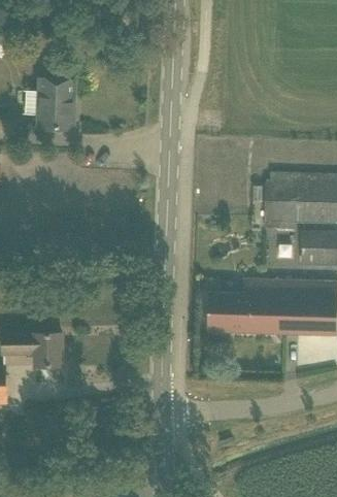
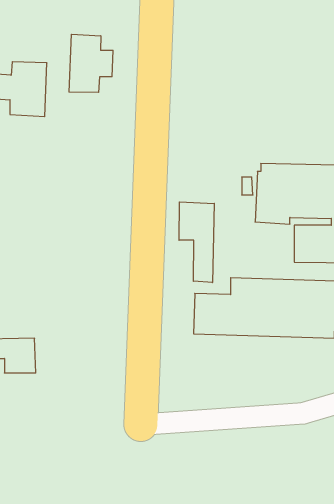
building: none -> [69,34,113,92]
building: none -> [179,202,214,283]

